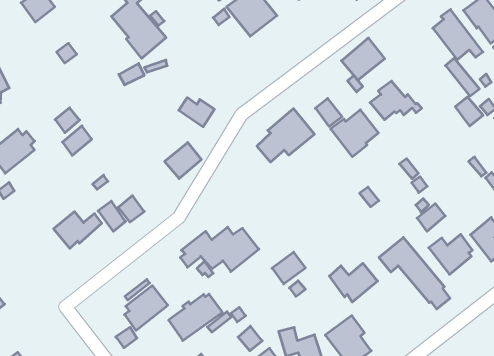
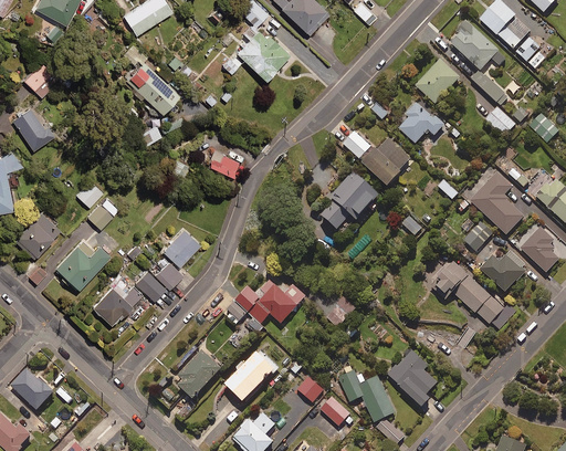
building: none -> [11,106,53,148]
building: [341,38,385,80] -> [415,57,459,103]
building: [257,109,314,162] -> [321,170,378,229]
building: [165,142,201,179] -> [160,227,198,265]
building: none -> [470,171,524,234]
building: none -> [53,237,109,287]
building: [329,263,378,302] -> none

